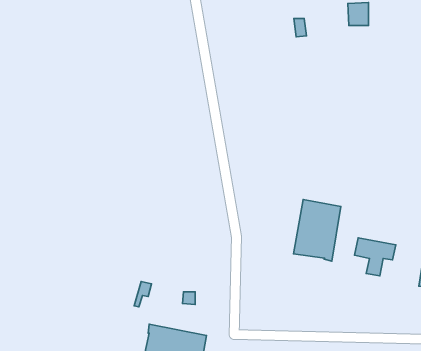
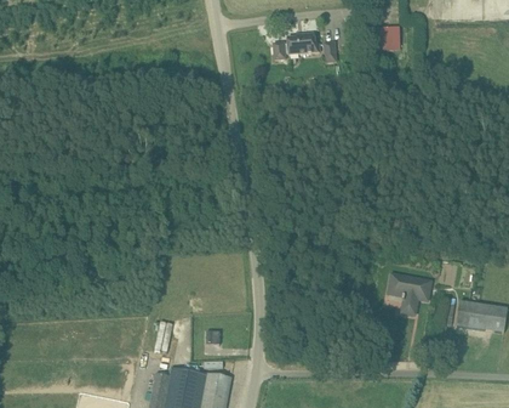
building: none -> [274,32,320,58]
building: [293,200,341,261] -> none

